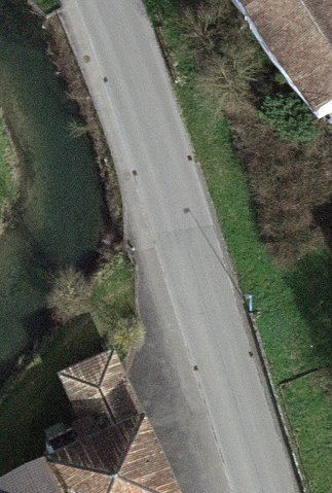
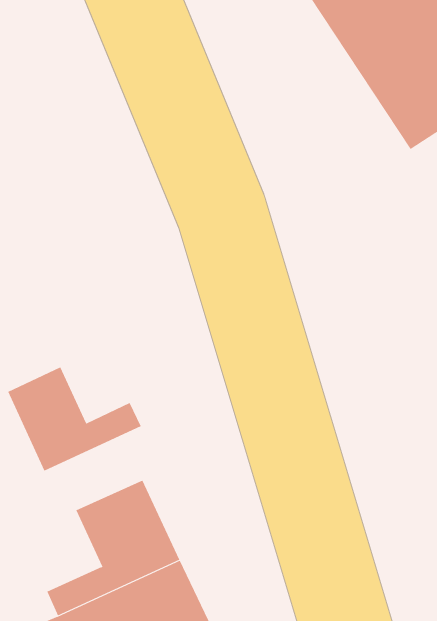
building: none -> [8,366,141,471]

